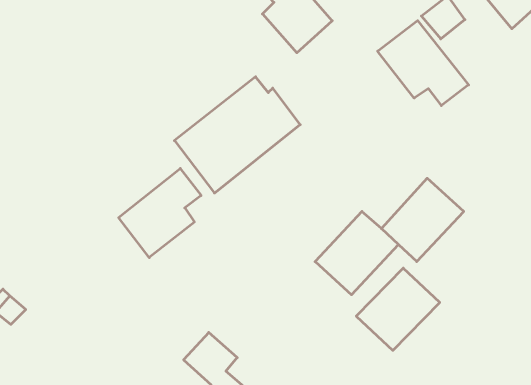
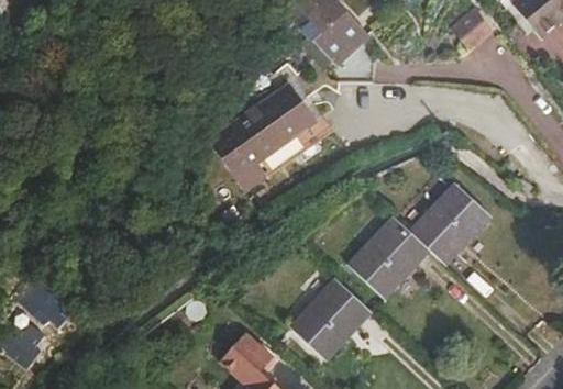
building: [378,21,469,106] -> none
building: [119,168,201,258] -> none
building: [356,268,440,350] -> [290,277,371,356]

